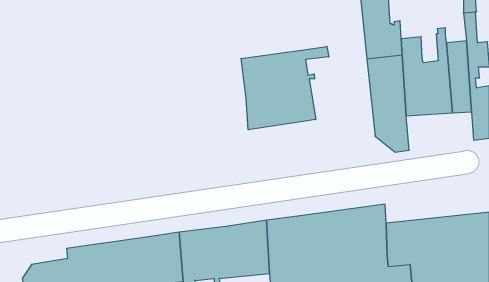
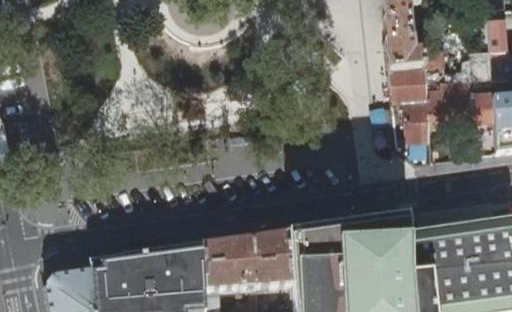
building: [241,46,329,130] -> none

